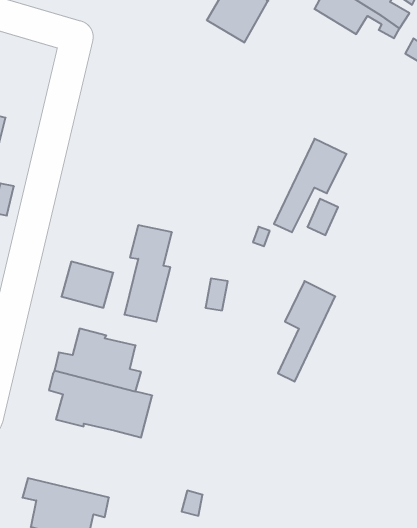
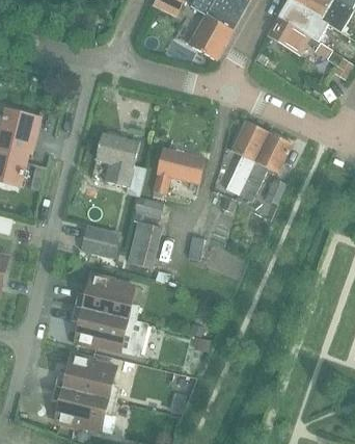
building: none -> [95,132,145,197]
building: none -> [152,148,204,199]
building: [278,281,335,382] -> [225,121,268,195]
building: none -> [55,354,119,399]

